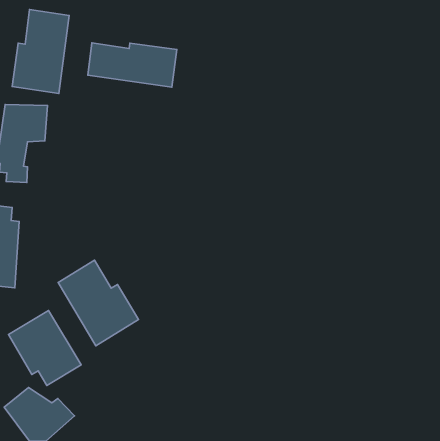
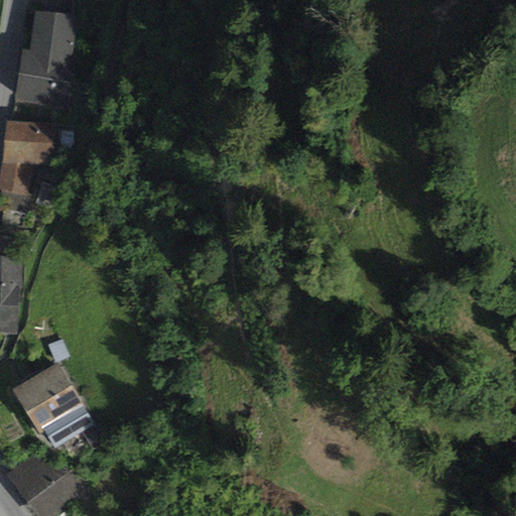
building: [88,43,177,87] -> none
building: [58,260,138,346] -> none

